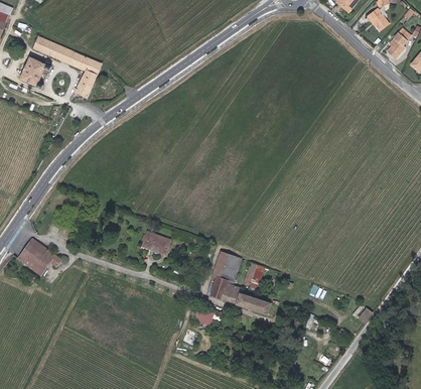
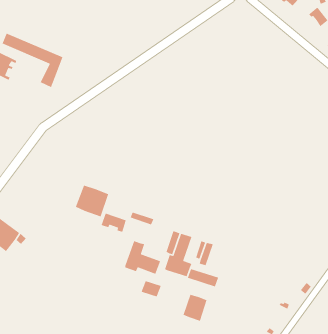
building: none -> [75,185,109,217]
building: none -> [124,240,161,275]
building: none -> [182,294,208,322]

